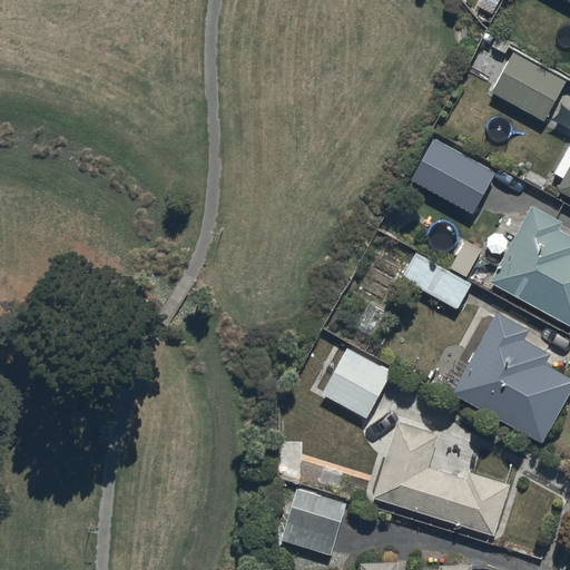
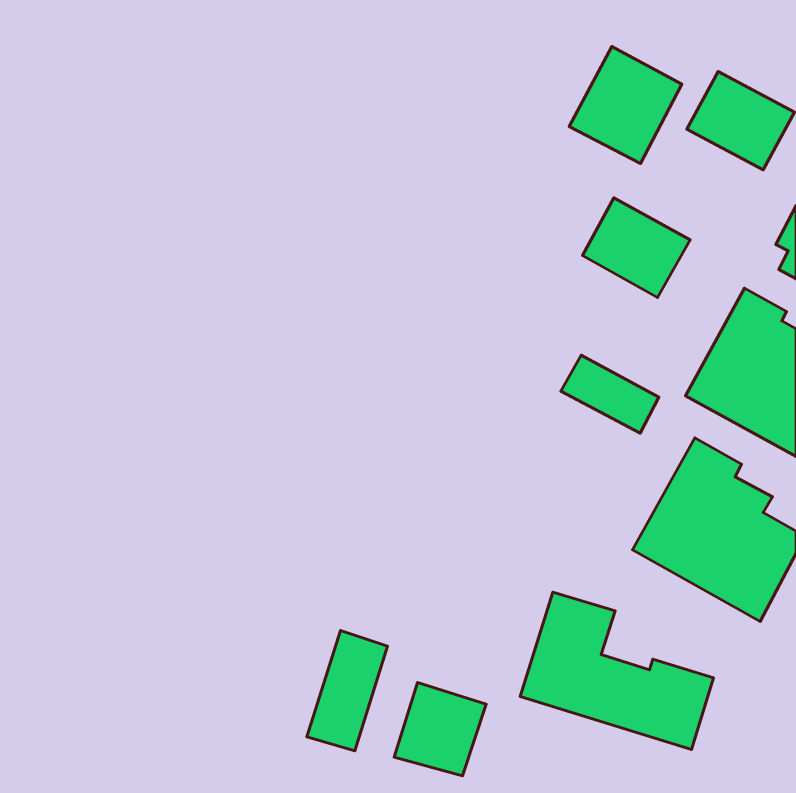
building: none -> [569,46,682,164]
building: [323,350,392,419] -> none
building: none -> [307,631,388,751]

